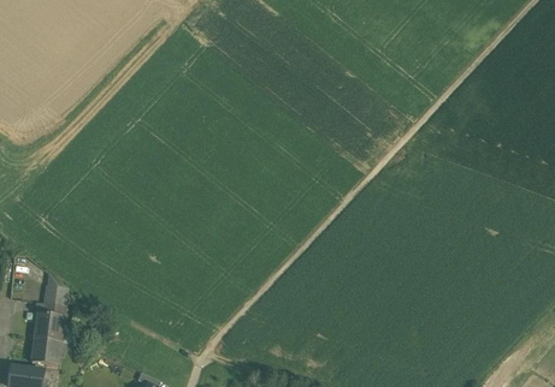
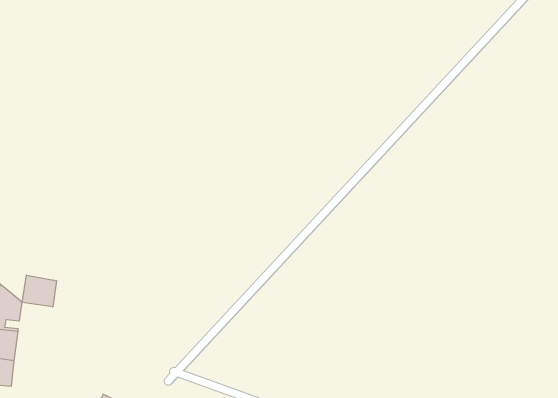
building: none -> [22,275,57,307]

